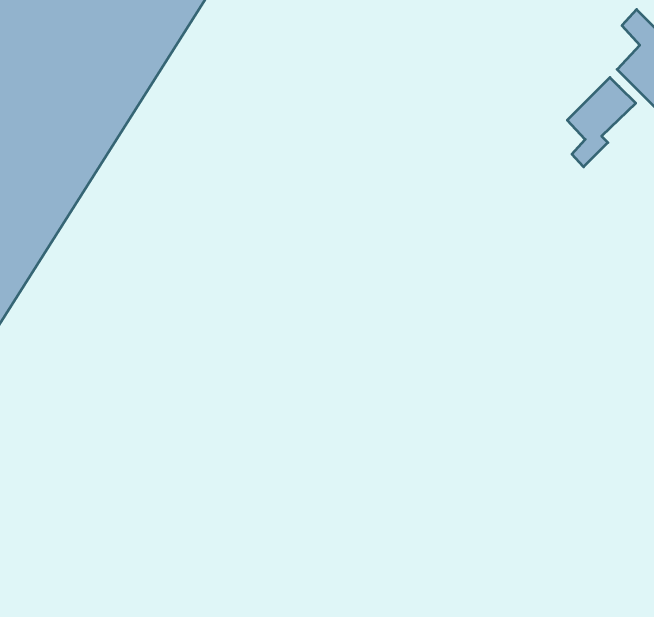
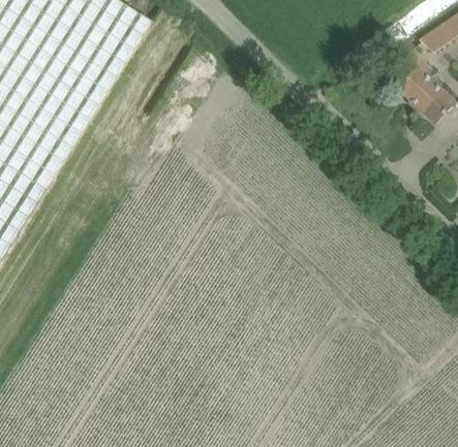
building: [567,77,636,167] -> none

